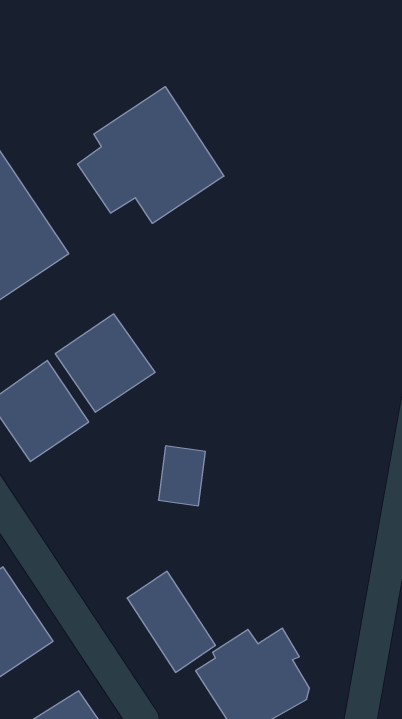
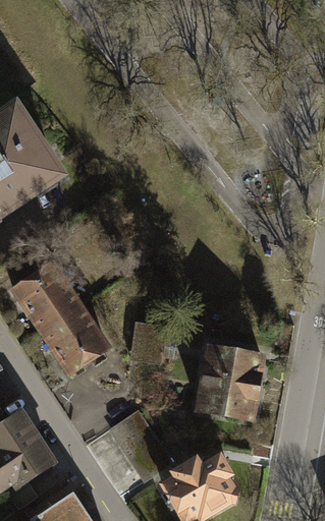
building: [78,87,224,223] -> none
building: [55,314,155,412] -> [40,303,111,373]
building: none -> [194,338,268,420]

